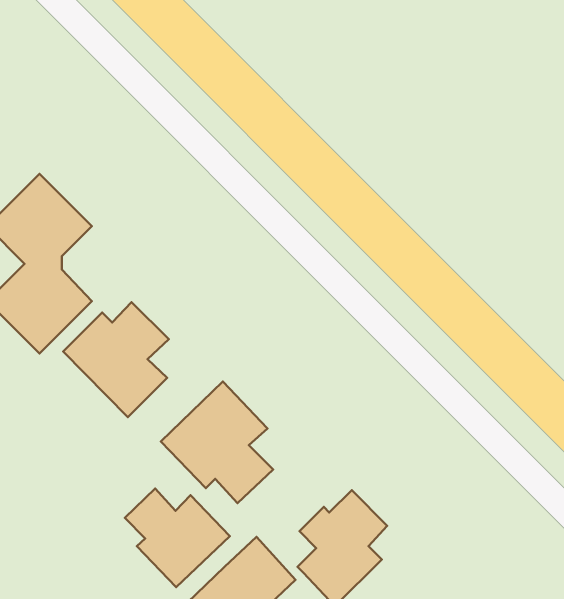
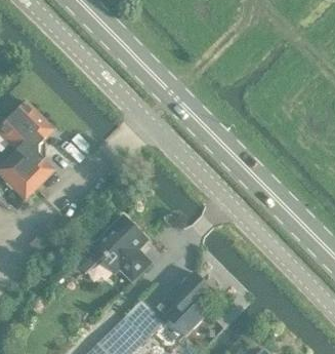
building: [63,302,169,417] -> none
building: [125,489,230,587] -> none

